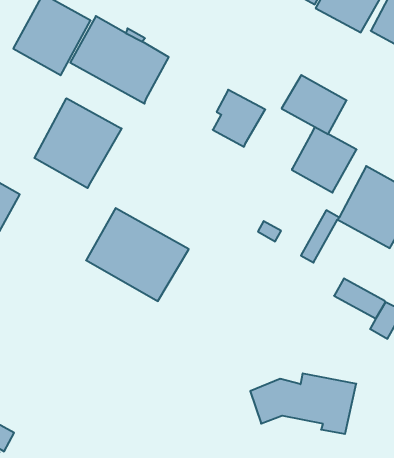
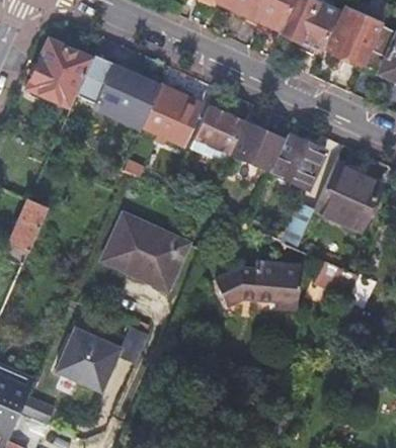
building: none -> [145,84,202,140]
building: [282,75,347,134] -> [231,122,285,170]
building: [34,98,122,188] -> none
building: none -> [56,326,150,390]
building: [250,373,356,434] -> [217,259,305,306]

